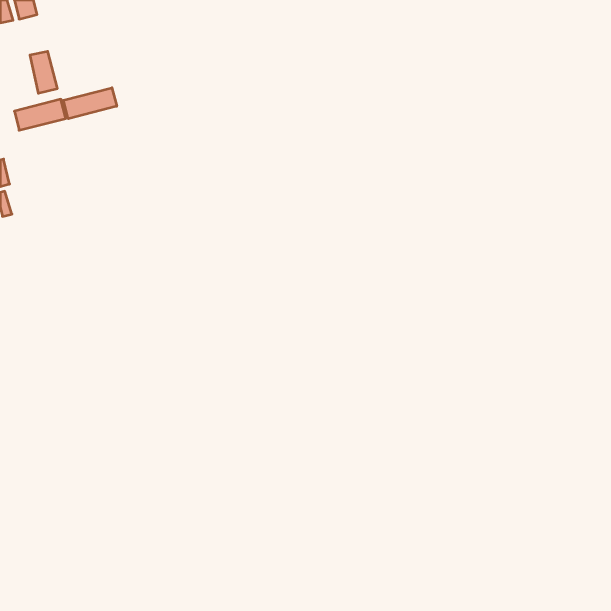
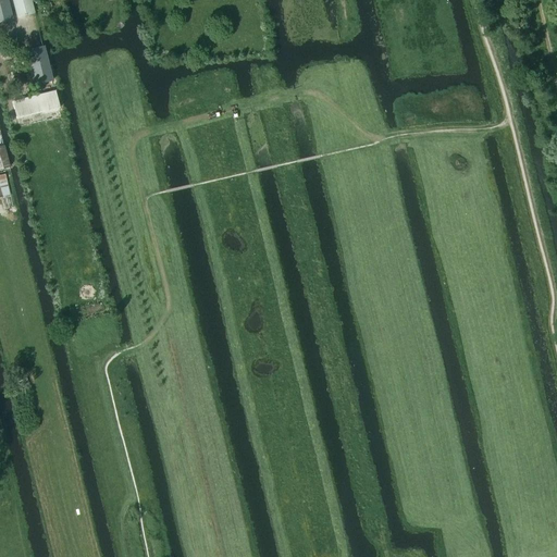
building: [63,88,117,119] -> none

